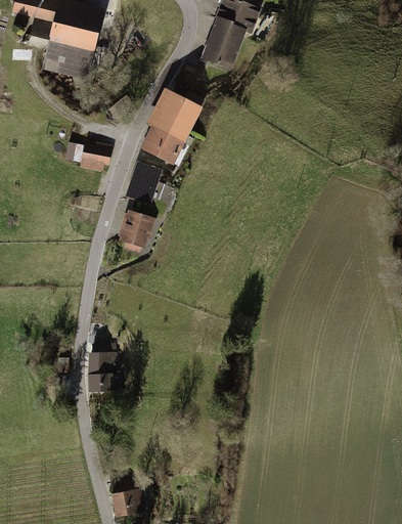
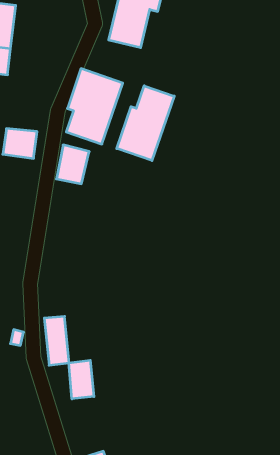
building: none -> [117,86,174,161]
building: [117,209,153,256] -> none
building: none -> [69,360,94,399]

